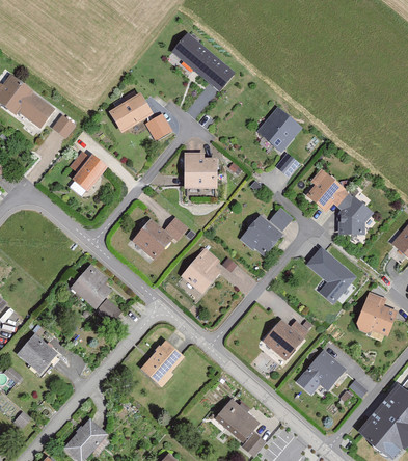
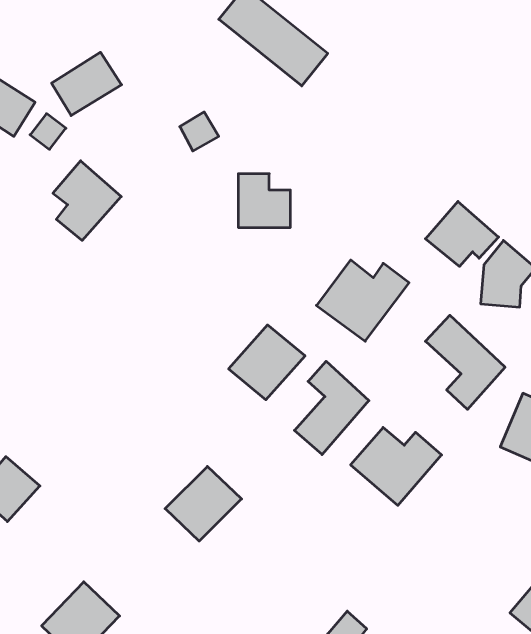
building: [110,91,155,132] -> [52,52,122,116]
building: [252,103,302,153] -> none
building: [132,217,186,262] -> none
building: [70,264,117,311] -> none
building: none -> [294,361,369,455]
building: [298,346,346,394] -> none
building: [215,398,261,442] -> none

